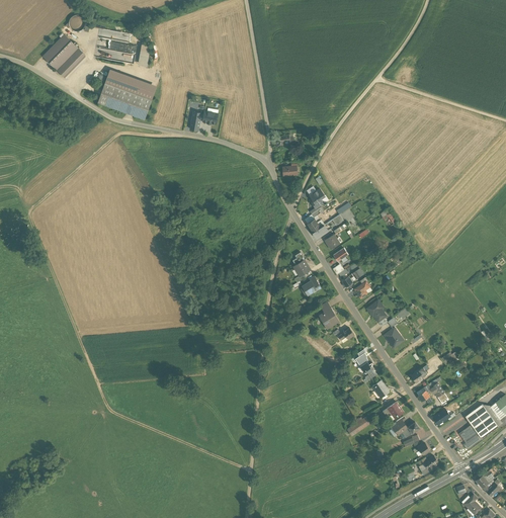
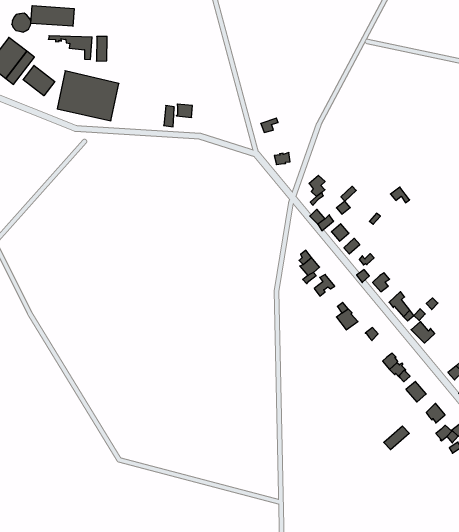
building: none -> [31,6,74,26]
building: none -> [23,65,55,96]

